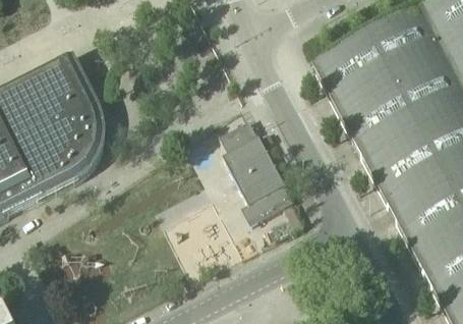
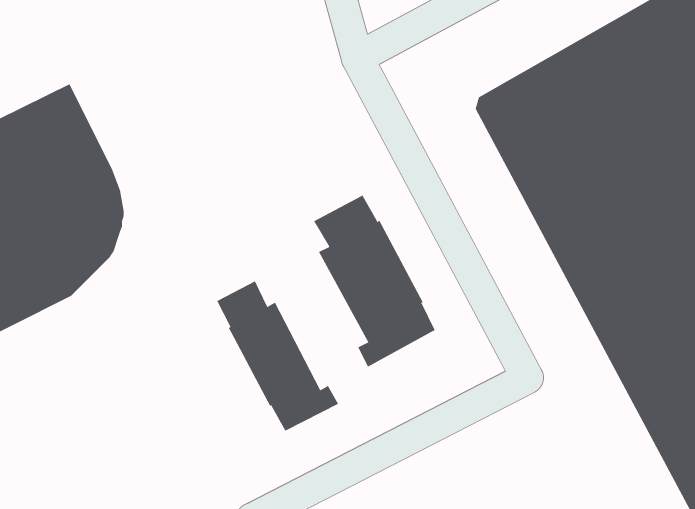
building: none -> [216,281,339,431]

